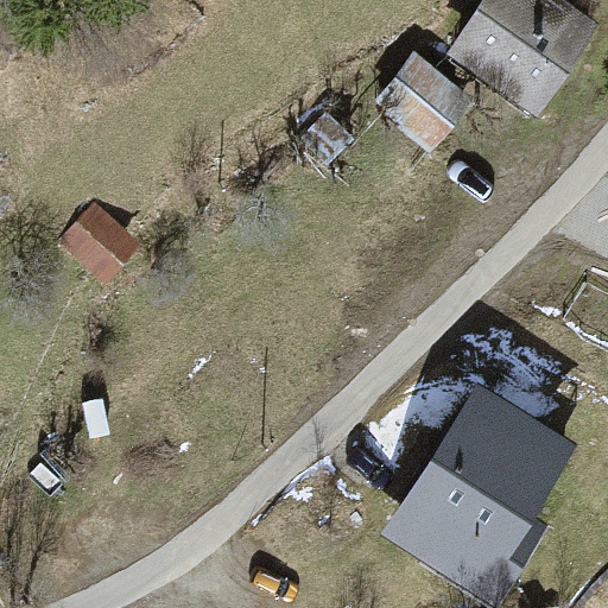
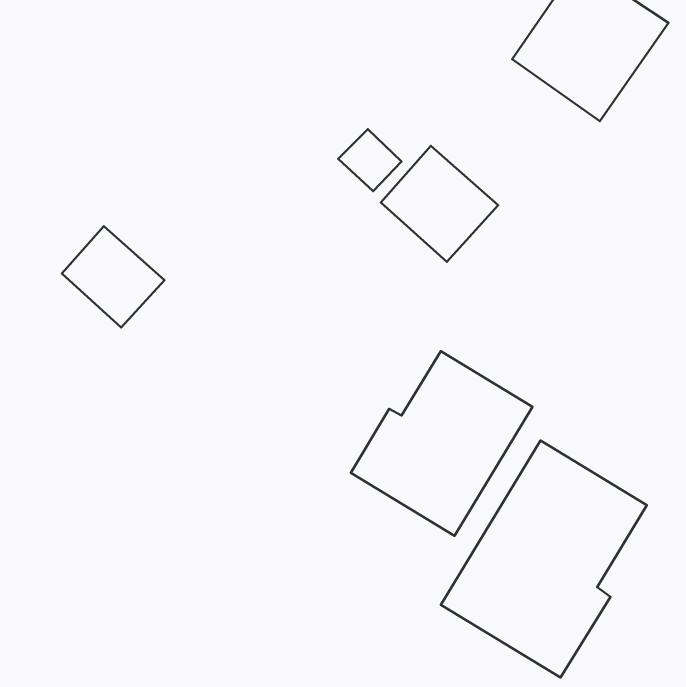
building: [372,53,475,156] -> [381,146,498,262]
building: none -> [351,351,533,536]

